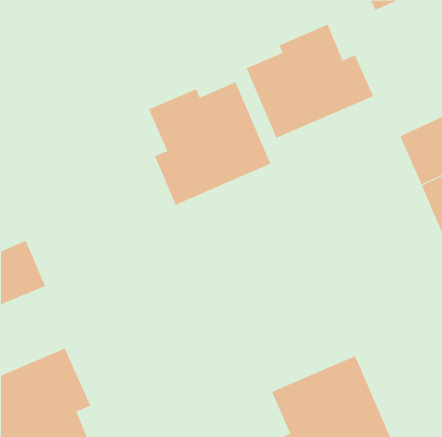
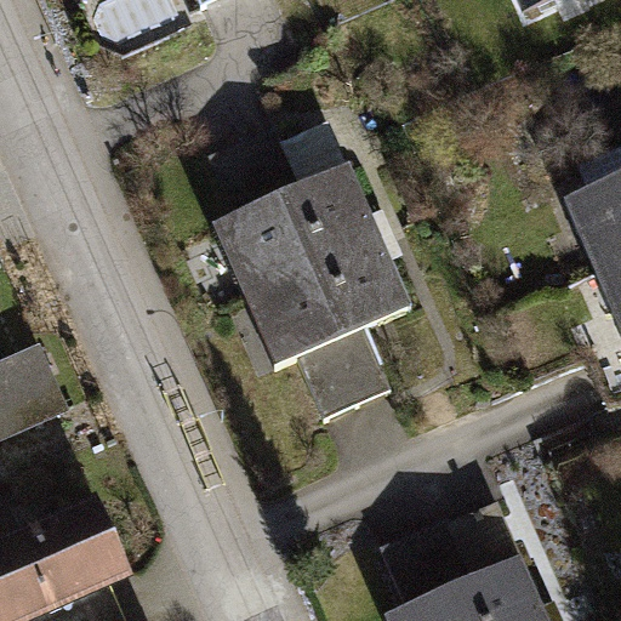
building: [246,24,374,139] -> none
building: none -> [246,238,411,425]

